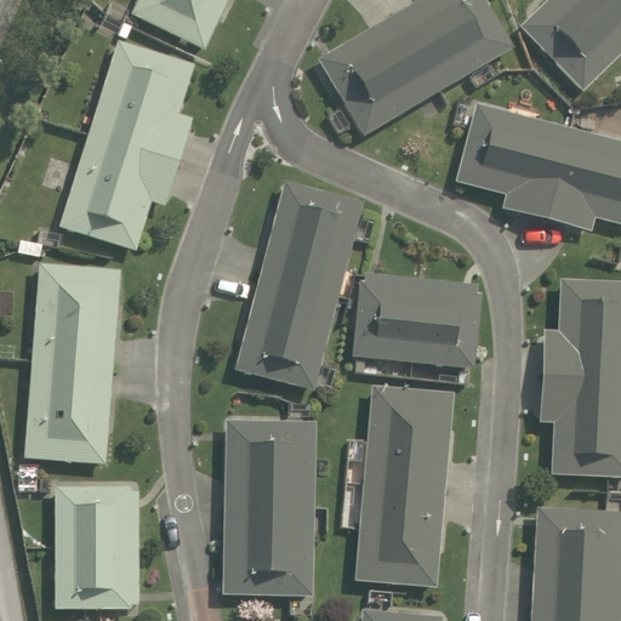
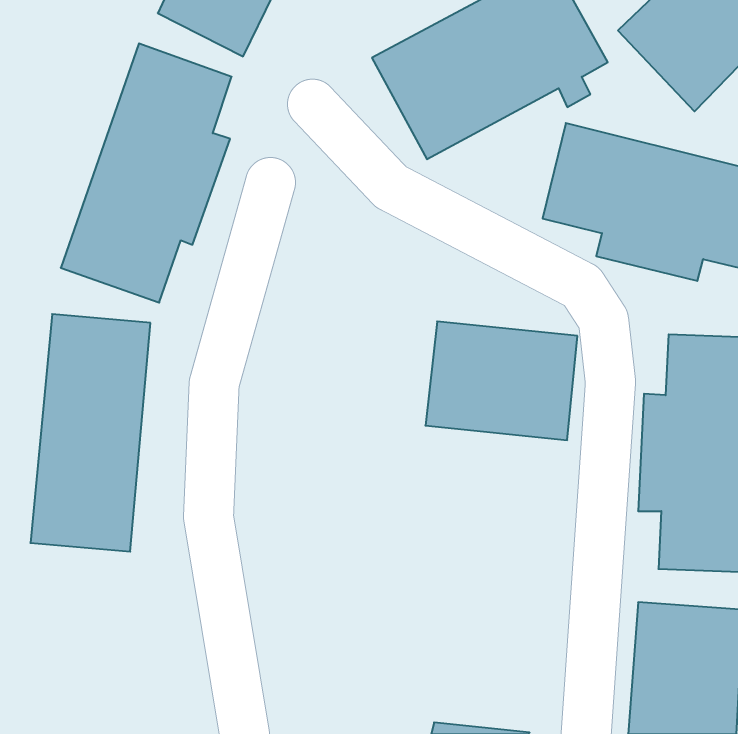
building: [233,176,360,391] -> none
building: [338,387,457,585] -> none
building: [222,423,317,603] -> none
building: [55,489,153,609] -> none

